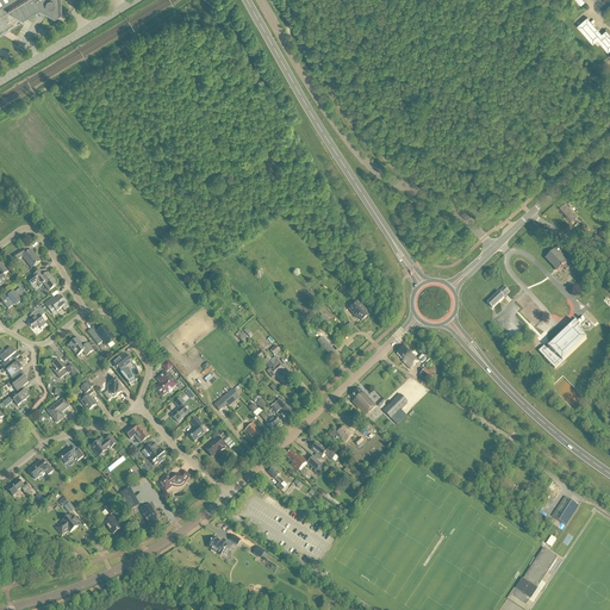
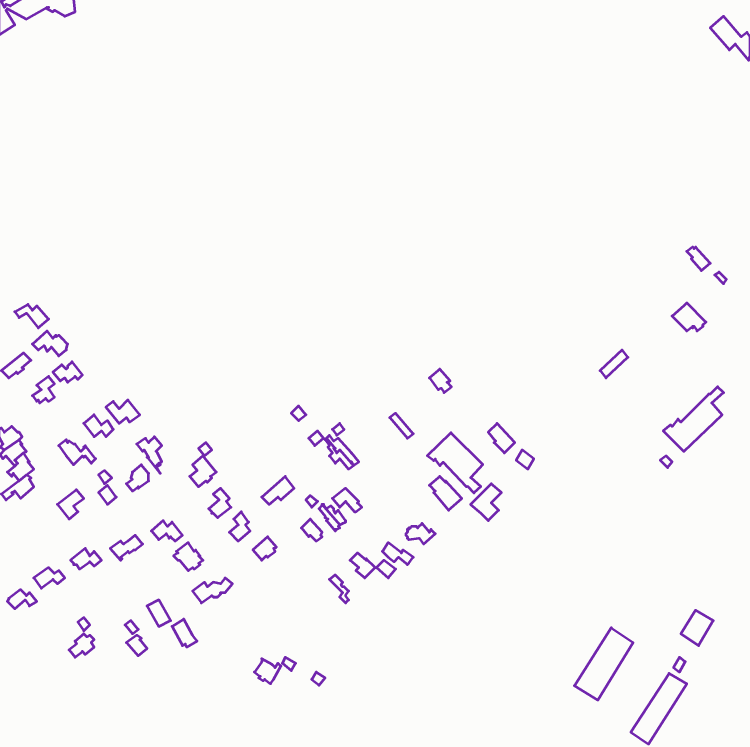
building: none -> [427,433,483,493]
building: none -> [574,628,633,700]

